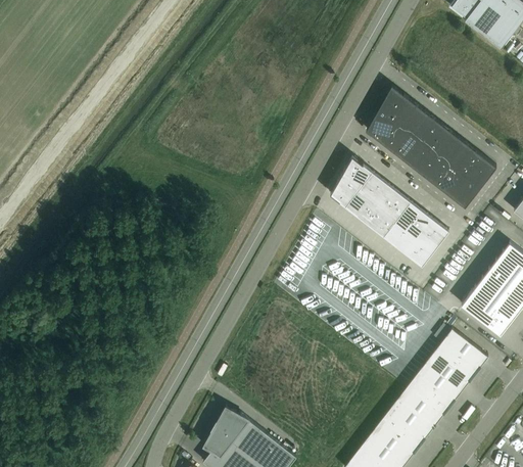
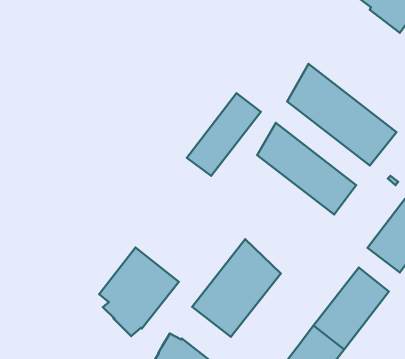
building: none -> [187,93,261,176]
building: none -> [192,239,281,337]
building: none -> [99,248,179,336]

